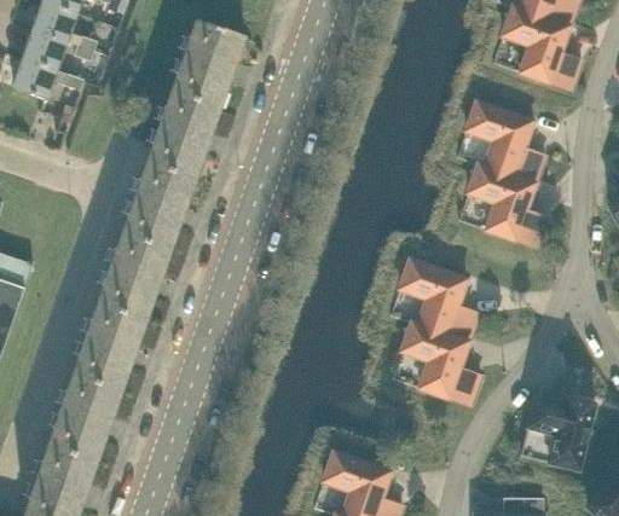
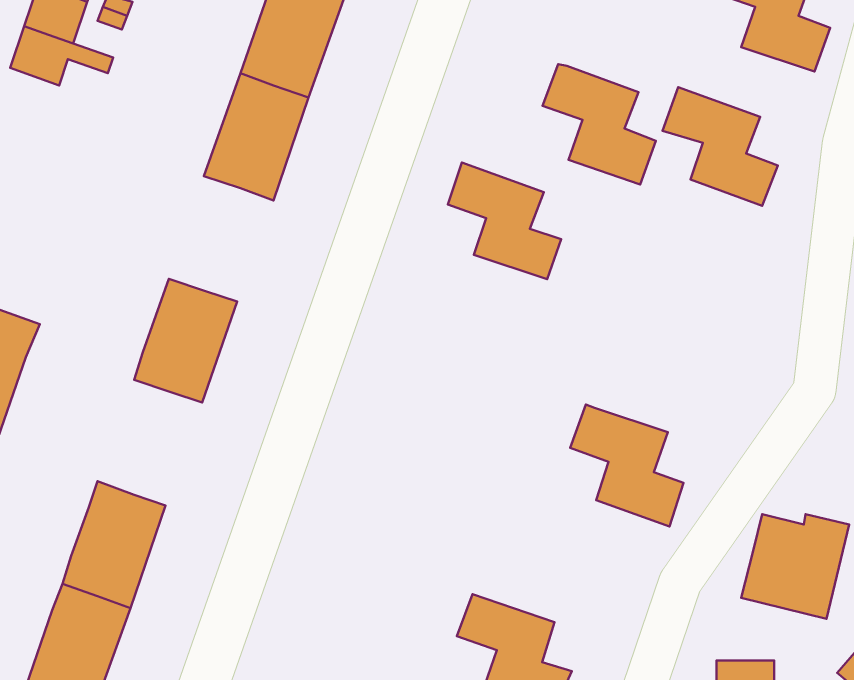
building: [122,162,195,249] -> none
building: [467,163,545,247] -> [542,64,656,184]
building: [399,259,478,340] -> [448,163,561,279]
building: [73,303,145,390] -> none

